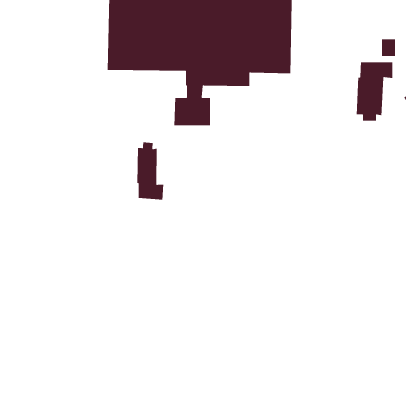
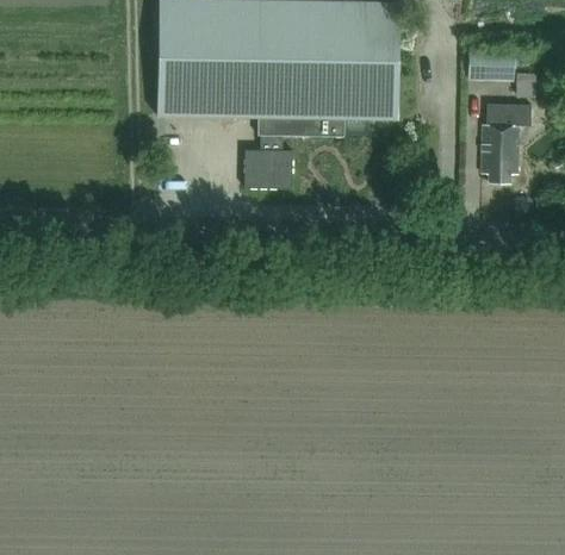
building: none -> [466,45,513,81]
building: [137,142,164,200] -> none

